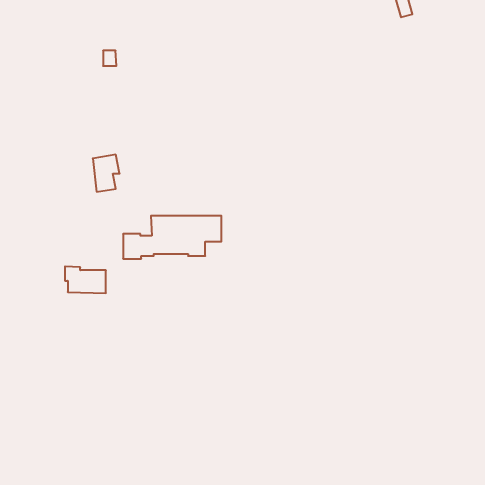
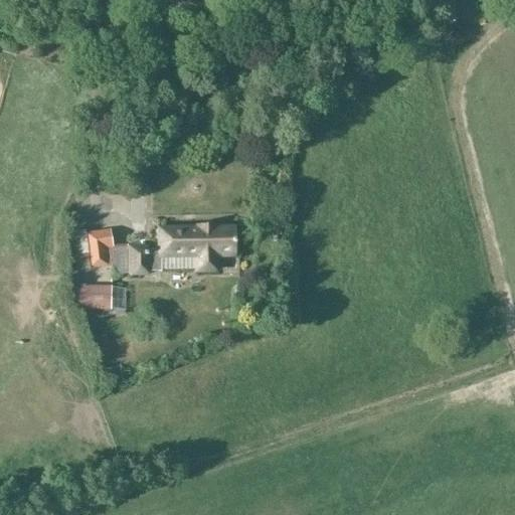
building: [93,155,120,192] -> [88,227,116,267]

